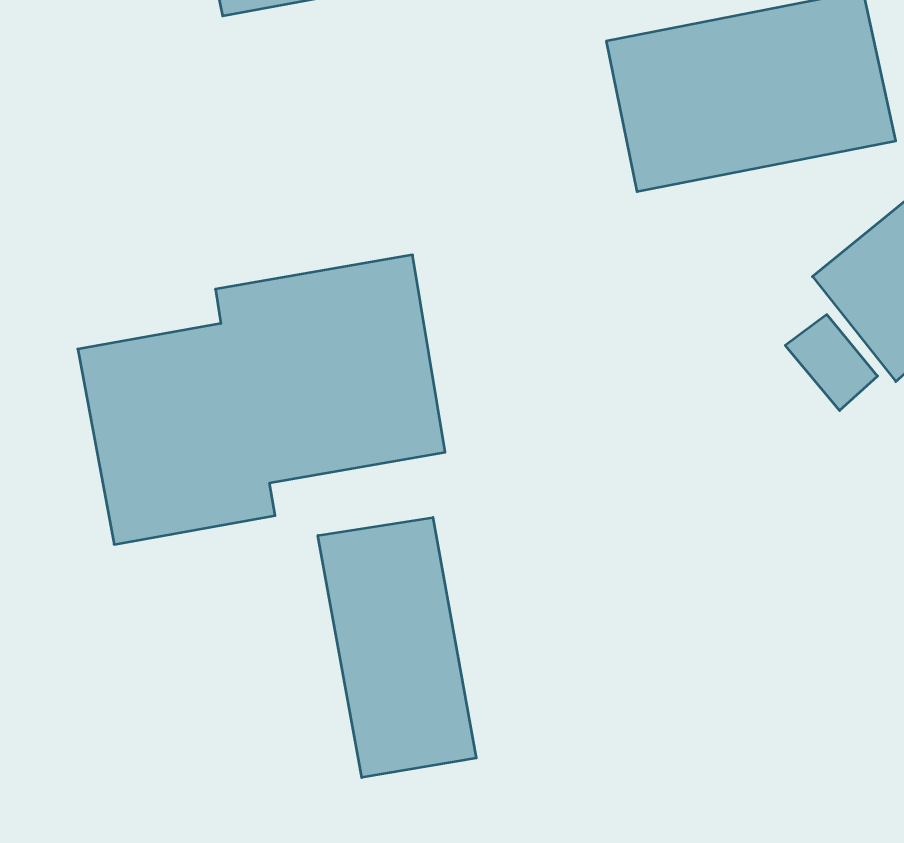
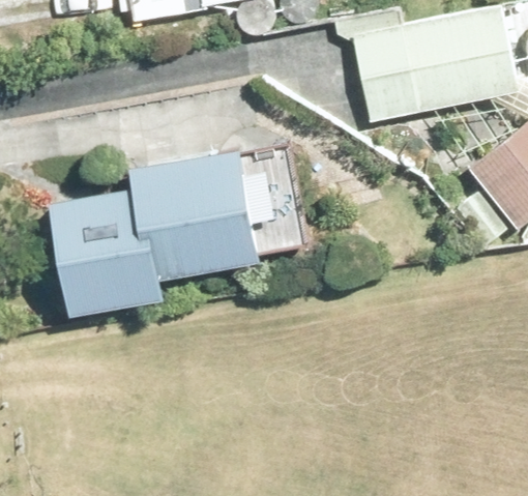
building: [318,517,476,778] -> none

